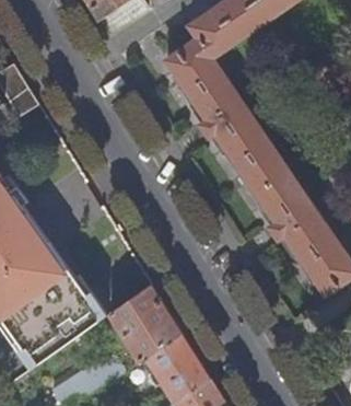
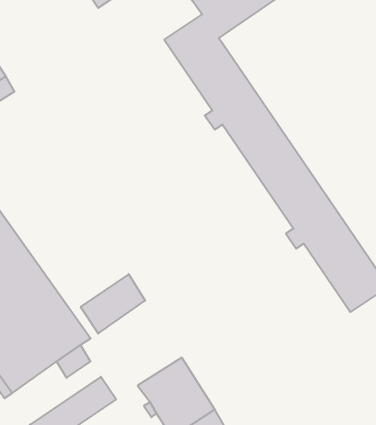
building: [108,285,180,360] -> none

